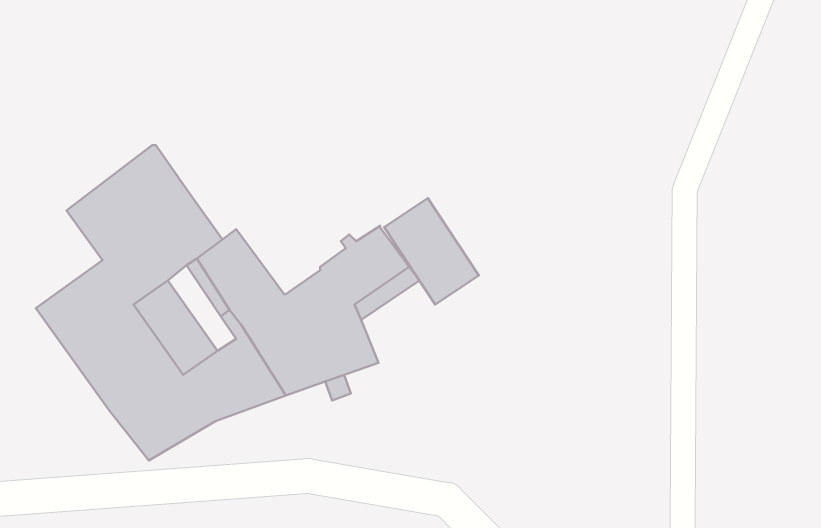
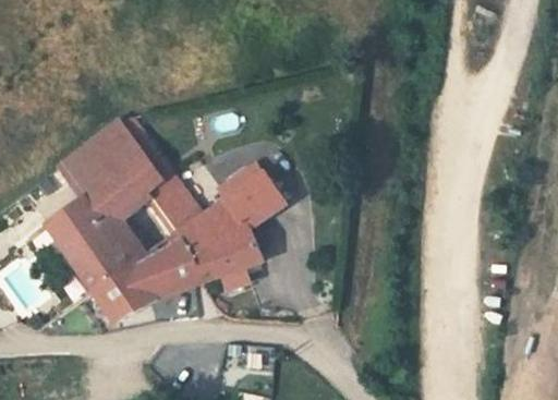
building: [384,198,479,304] -> none

